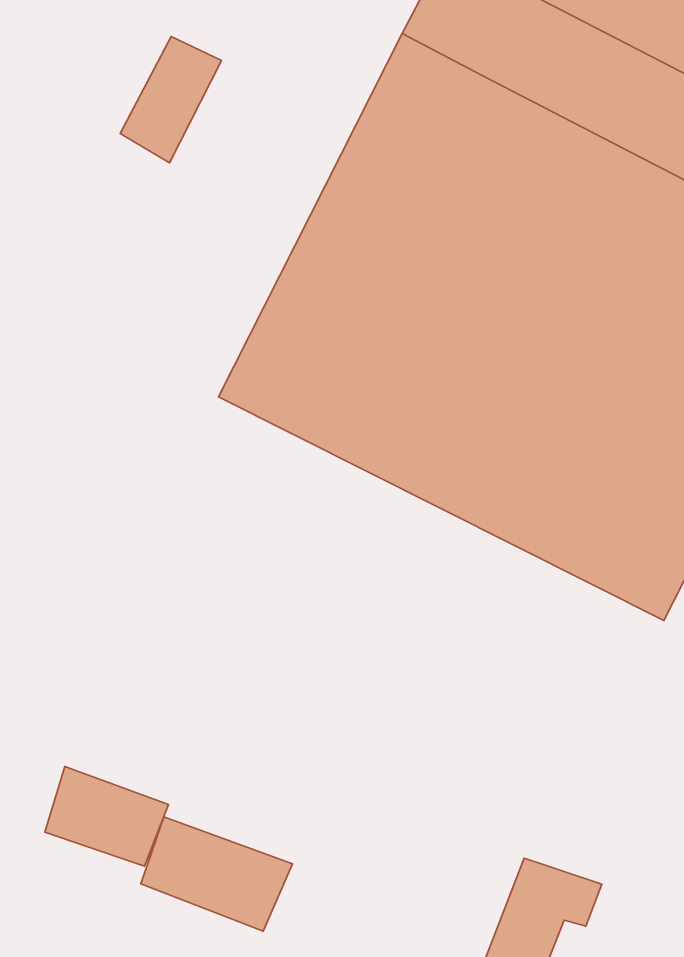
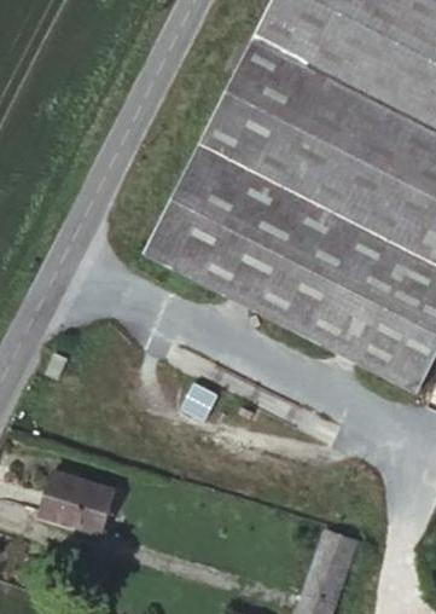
building: [120,37,221,163] -> none
building: [141,817,293,931] -> none

